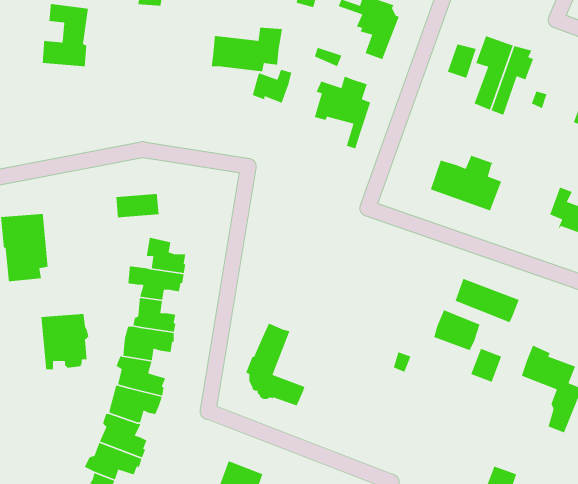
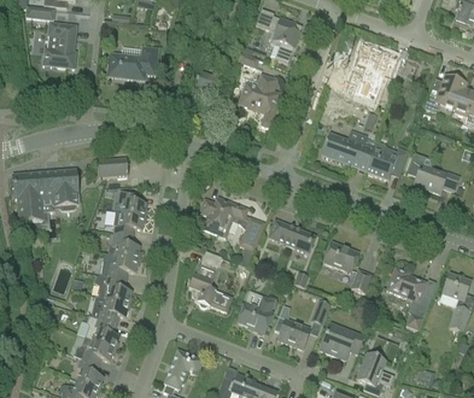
building: [211,27,283,72] -> [107,47,159,80]
building: none -> [365,141,408,180]
building: none -> [200,197,264,250]
building: [454,278,520,323] -> [269,220,316,252]
building: [41,313,89,370] -> [45,170,80,211]
building: none -> [239,293,274,333]
building: none -> [274,300,330,349]
building: none -> [321,326,364,359]

